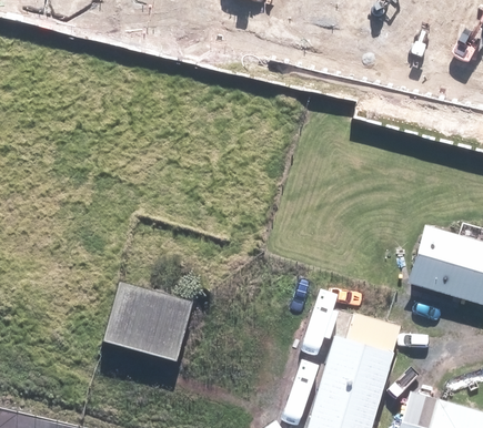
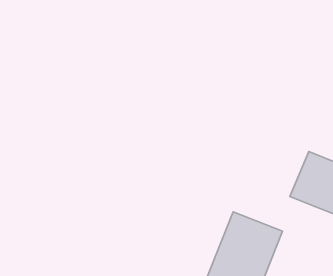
building: [104,285,190,361] -> none

